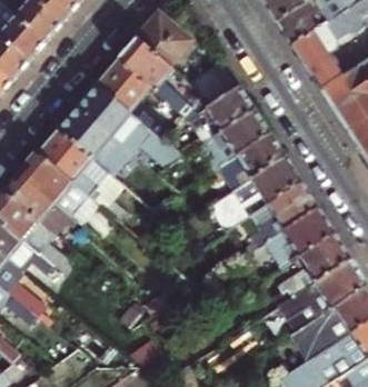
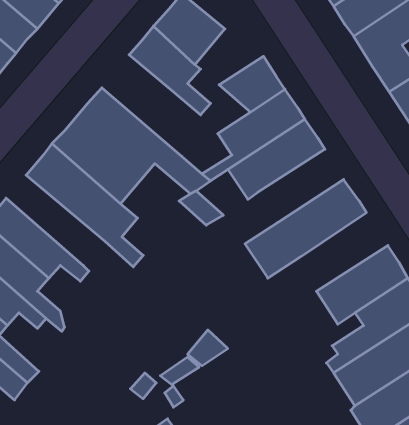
building: [97,60,176,139] -> none
building: [218,133,285,190] -> none
building: [22,153,99,224] -> none
building: [239,182,319,256] -> none

